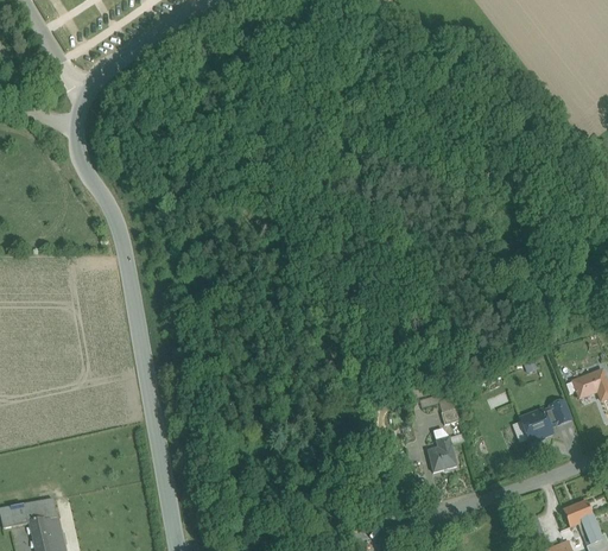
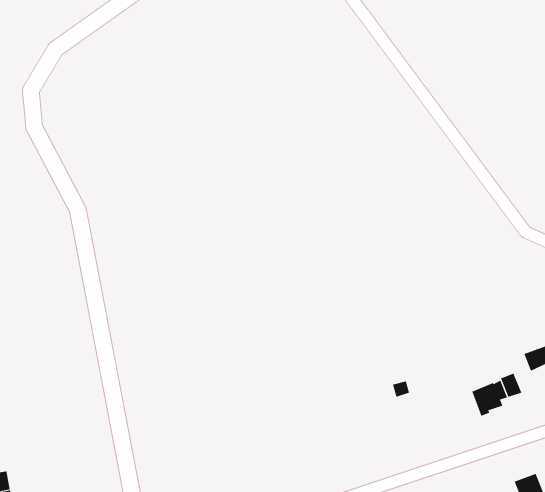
building: [428,436,456,470] -> none

